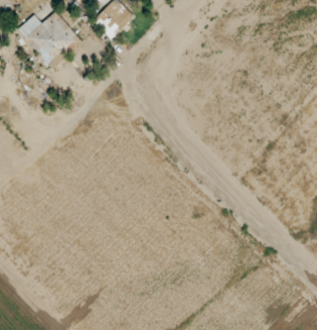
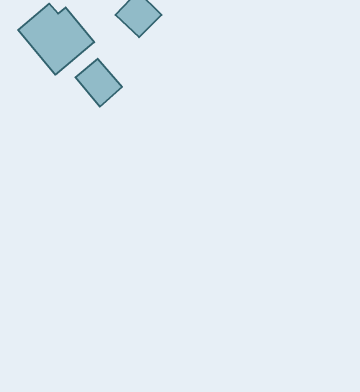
building: none -> [75,59,122,107]

